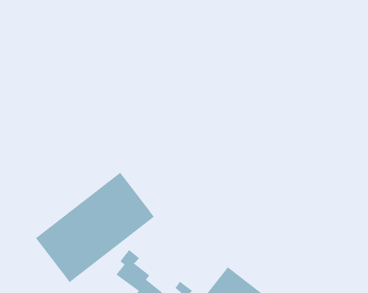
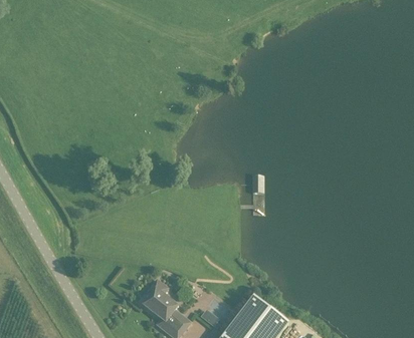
building: [35,172,155,283] -> none

